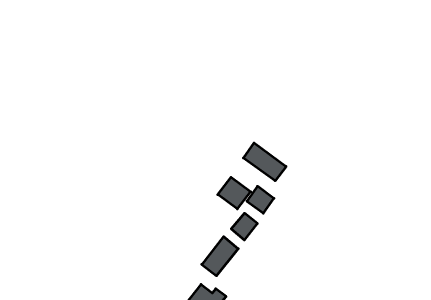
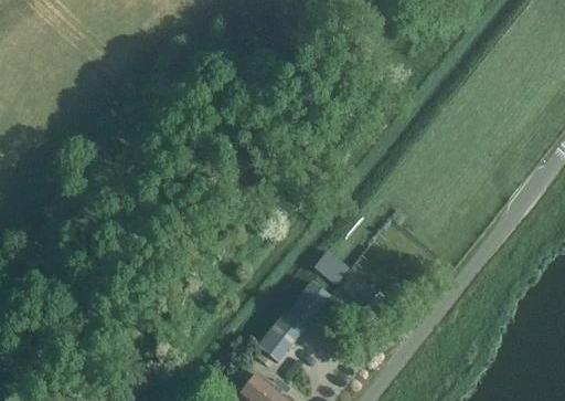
building: [243,143,286,181] -> none
building: [218,177,251,209] -> none

